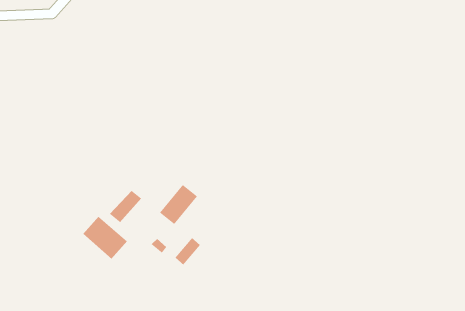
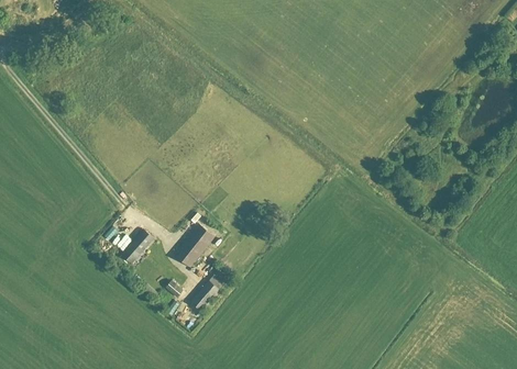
building: [82,216,128,259] -> none

